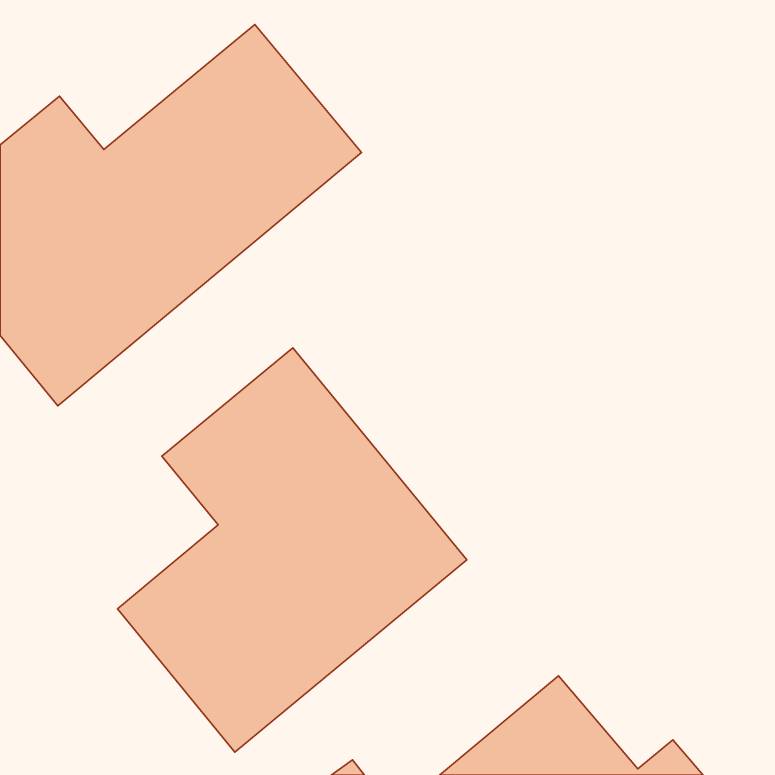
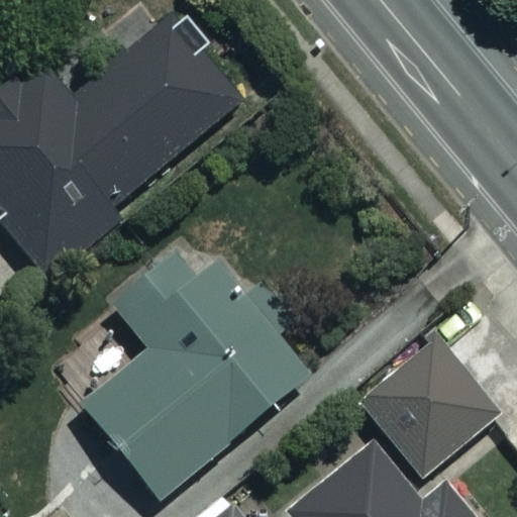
building: none -> [357,336,498,478]

